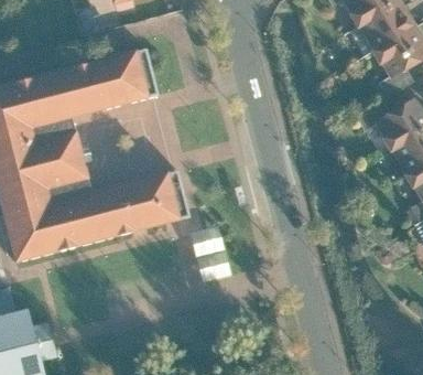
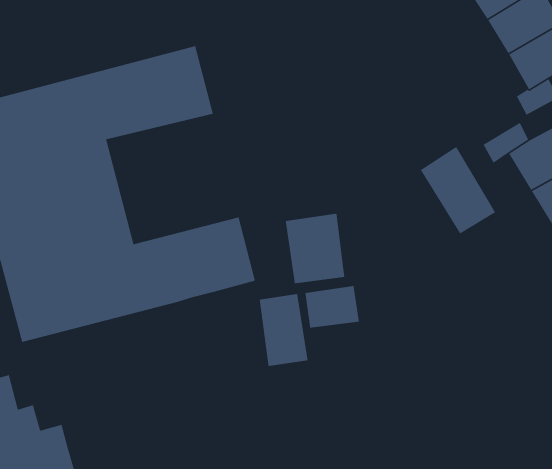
building: none -> [420,147,496,234]
building: none -> [285,213,345,284]
building: none -> [305,285,360,329]

